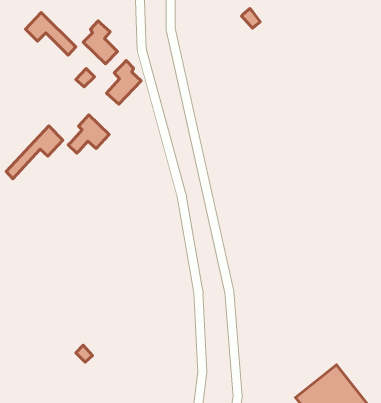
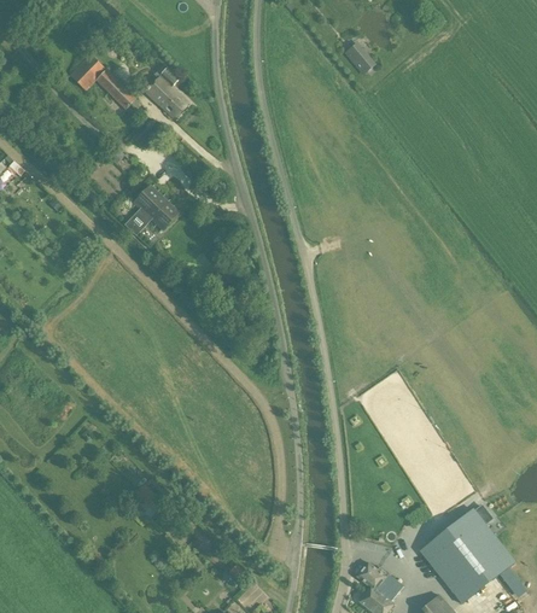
building: [107,61,141,104] -> none
building: [6,126,63,179] -> none

